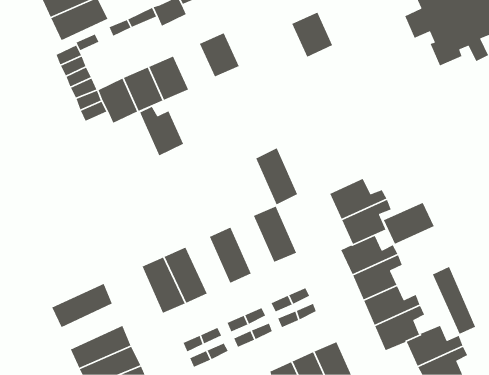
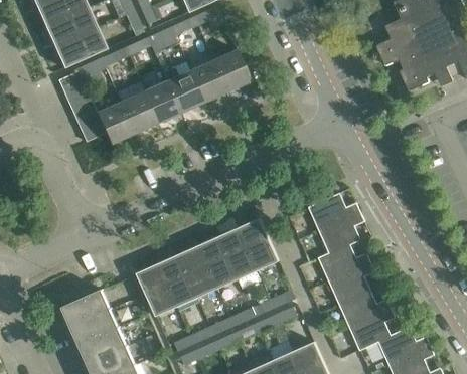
building: [291,11,333,58] -> [212,49,251,91]
building: [139,106,184,156] -> [162,66,203,113]
building: [255,147,298,206] -> [218,227,258,280]
building: [383,202,435,245] -> none
building: none -> [177,246,217,299]
building: [432,266,476,335] -> none
building: none -> [63,308,120,349]

